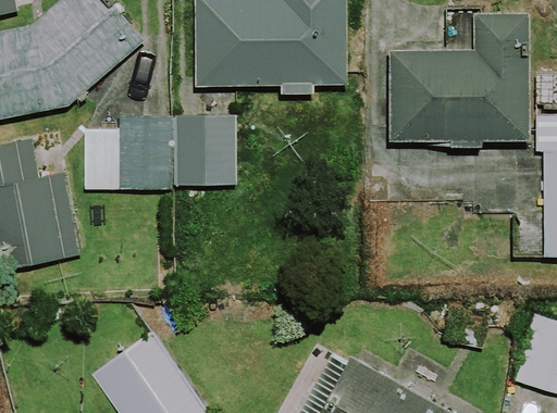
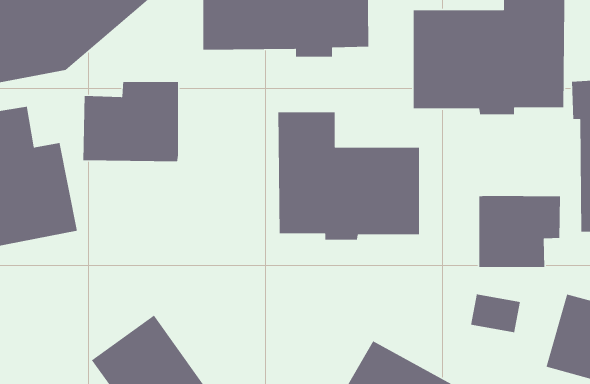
building: [173,116,237,186] -> none
building: none -> [278,111,420,240]
building: none -> [479,195,561,268]

